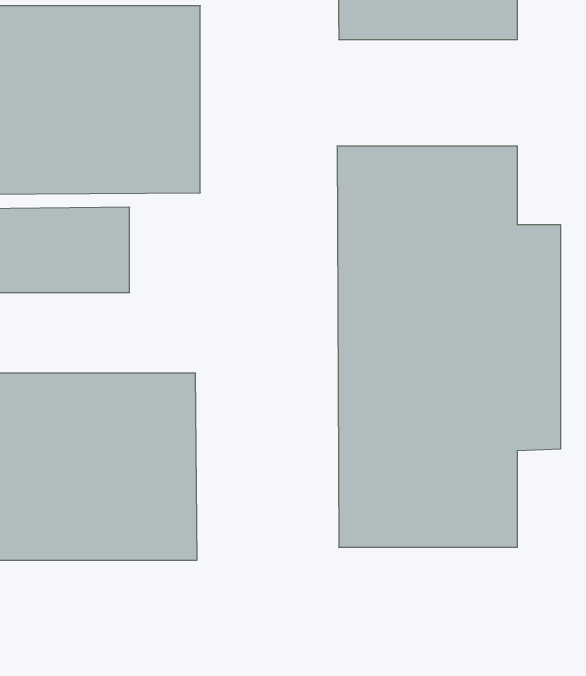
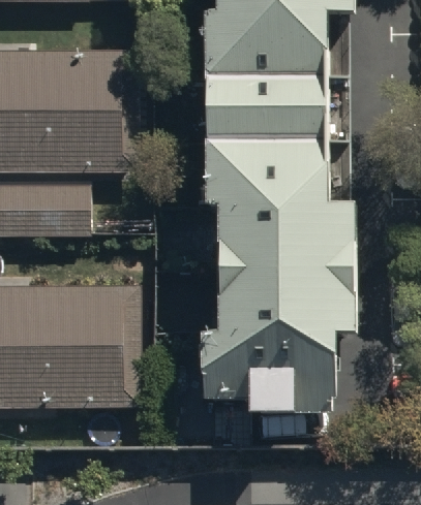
building: none -> [219,75,335,133]

